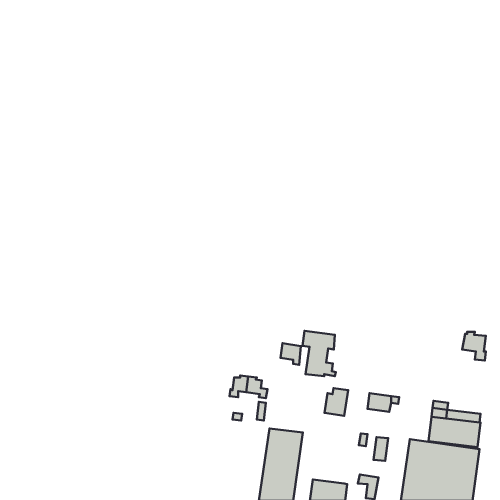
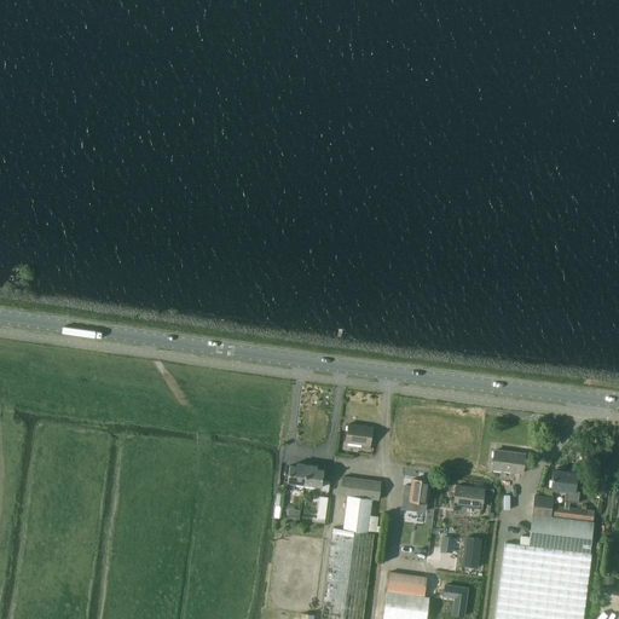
building: [303,331,336,376] -> [340,478,381,533]
building: [462,332,486,360] -> [549,468,578,503]
building: none -> [491,451,523,474]
building: none -> [386,573,427,597]

